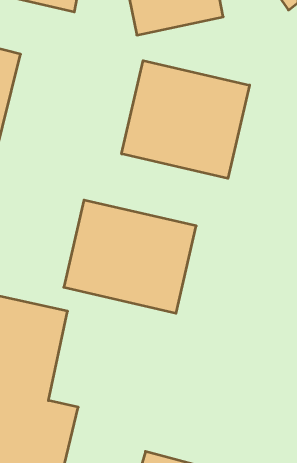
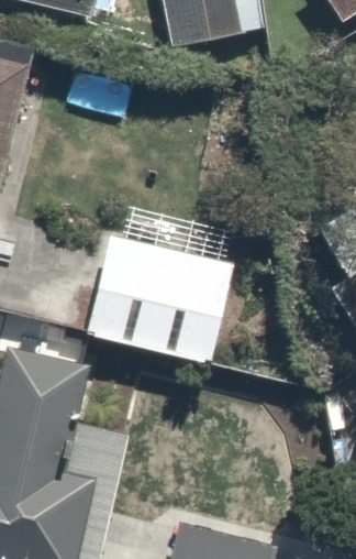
building: [122,61,250,178] -> none

